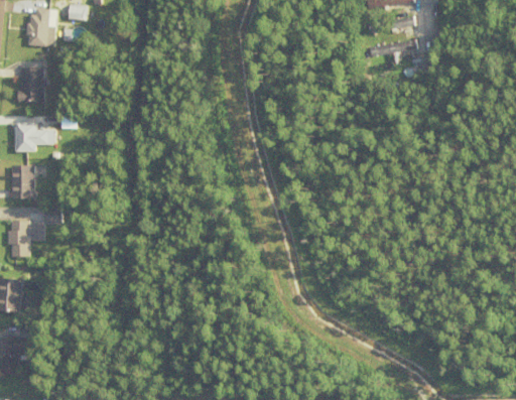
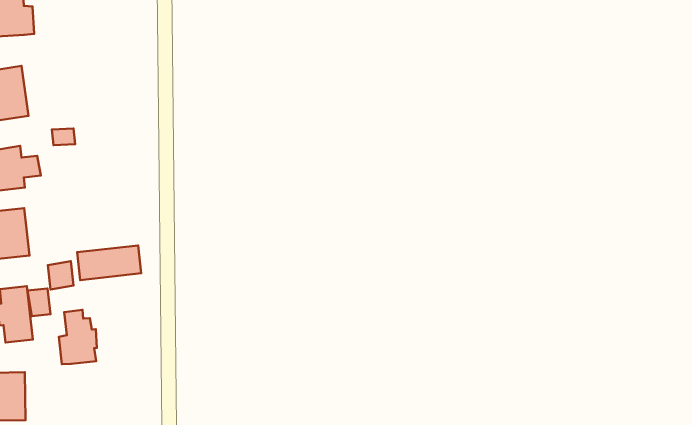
building: none -> [77,246,141,280]
building: none -> [59,310,97,364]

